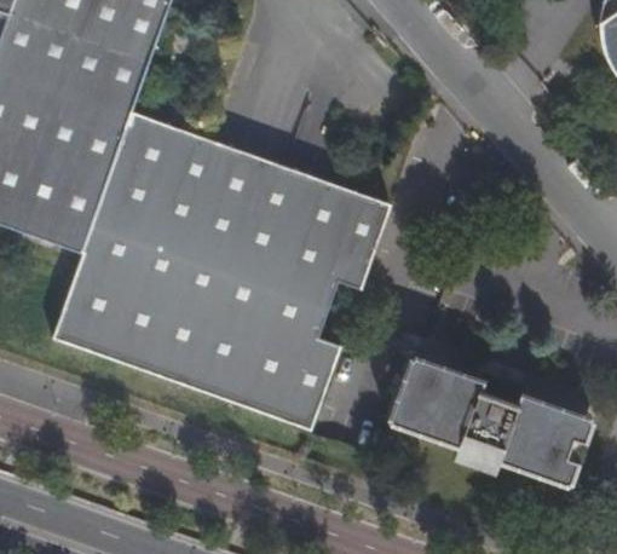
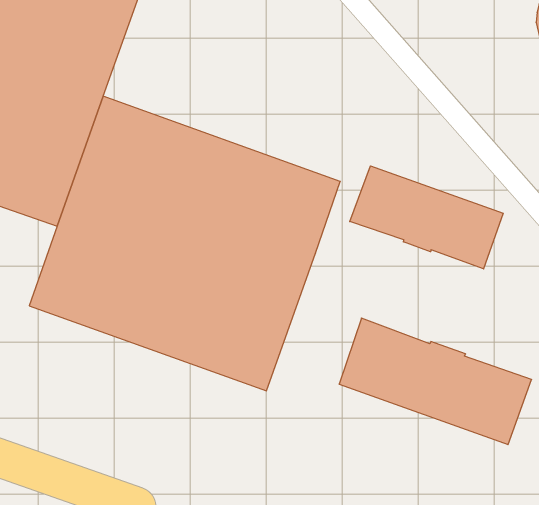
building: none -> [350,166,503,269]

